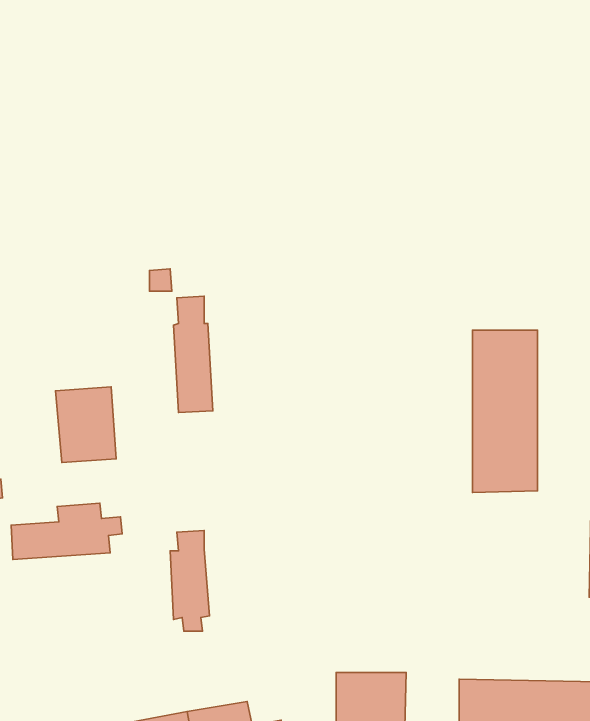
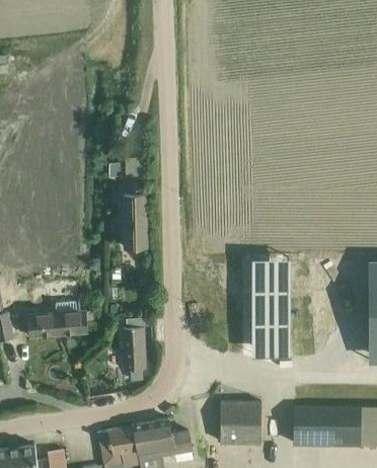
building: [473,330,538,493] -> [249,262,288,359]
building: [56,387,116,463] -> none

